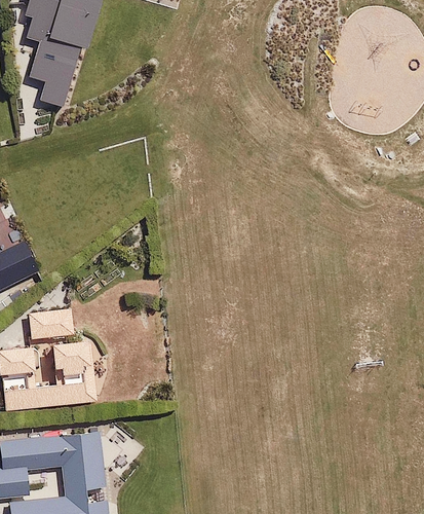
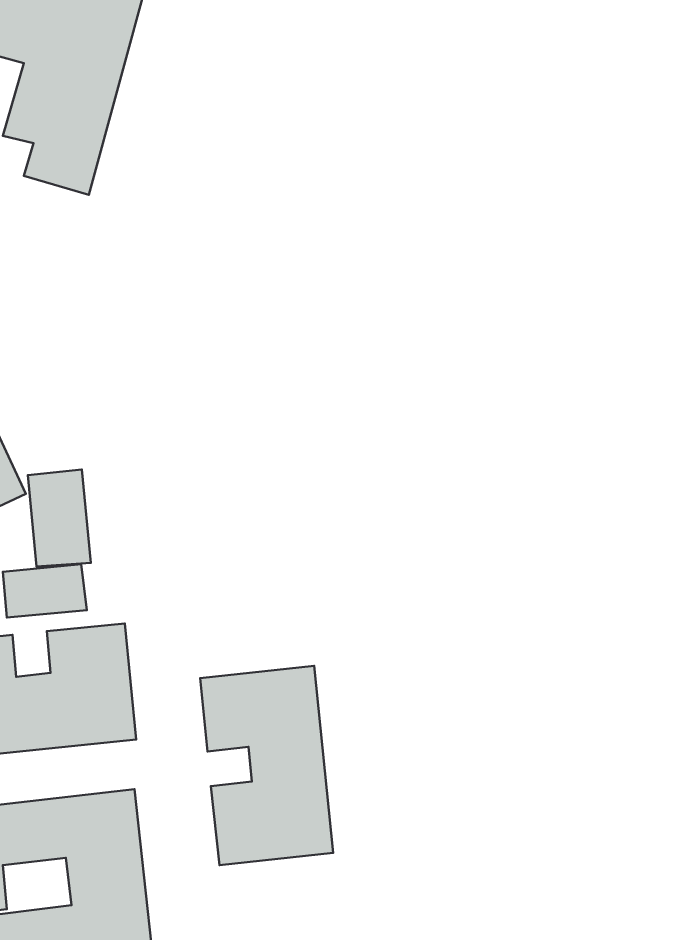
building: none -> [28,470,91,567]
building: none -> [200,666,333,865]

